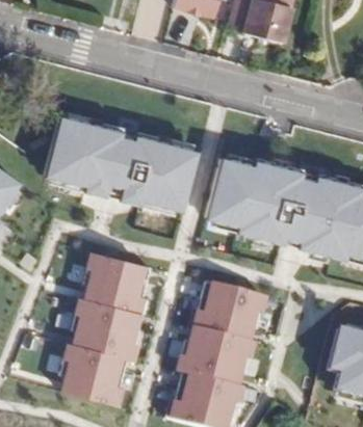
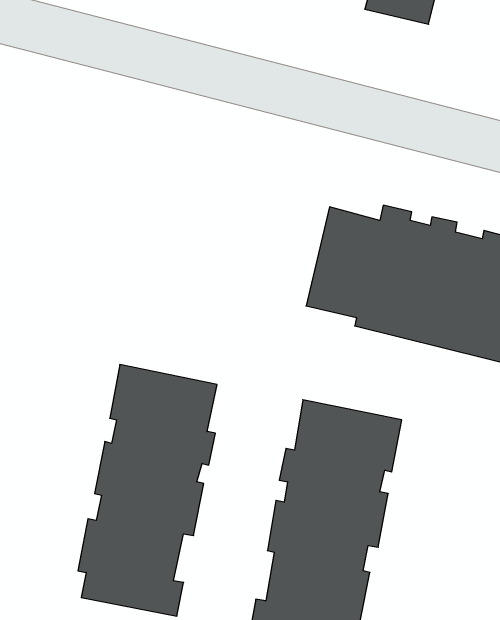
building: [45,117,195,210] -> none

